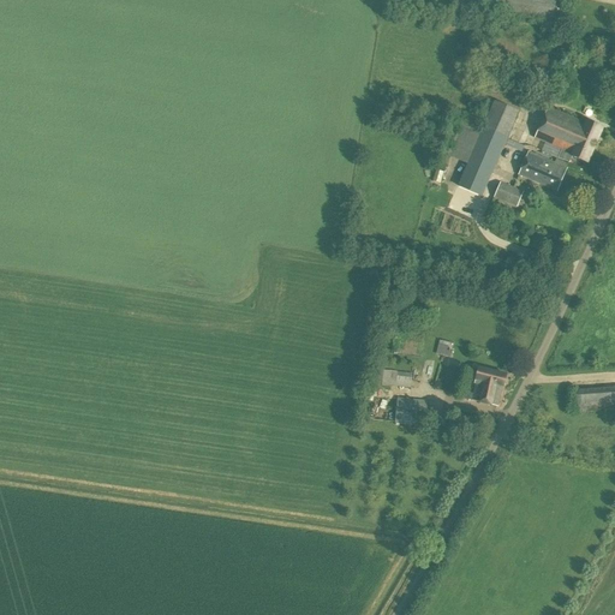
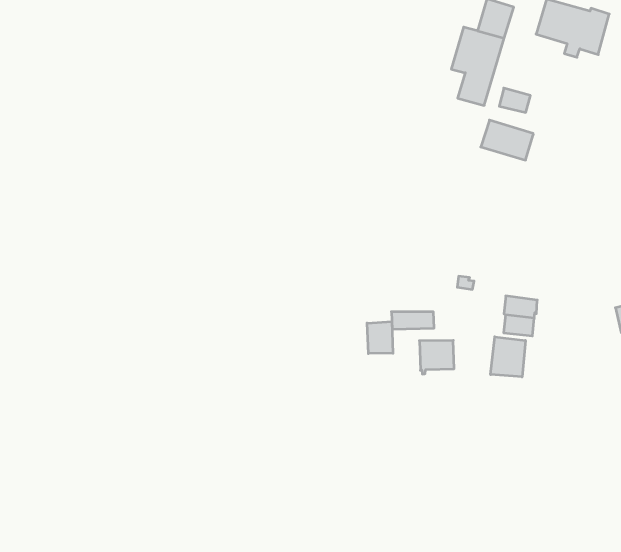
building: [518,149,566,189] -> [481,120,533,160]
building: none -> [367,321,393,354]
building: none -> [491,337,525,377]

